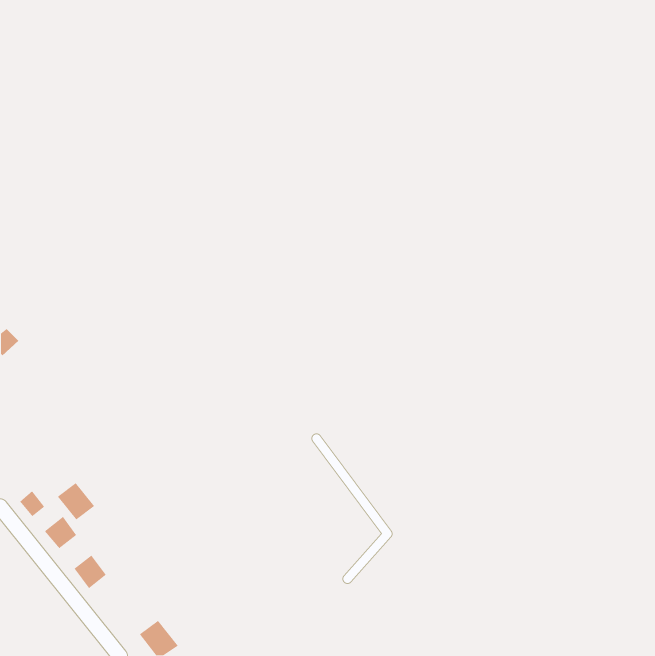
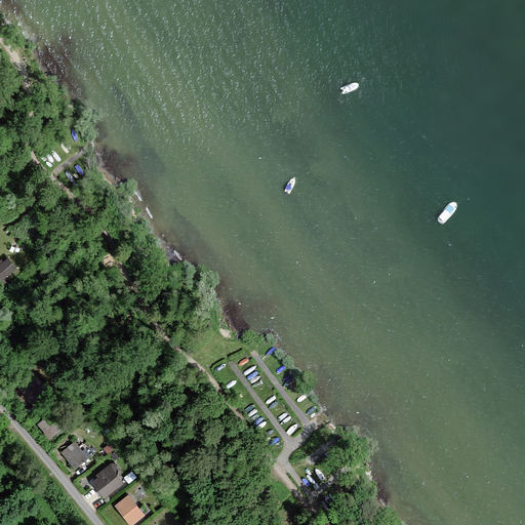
building: [57,482,95,521] -> none
building: none -> [91,461,126,499]

